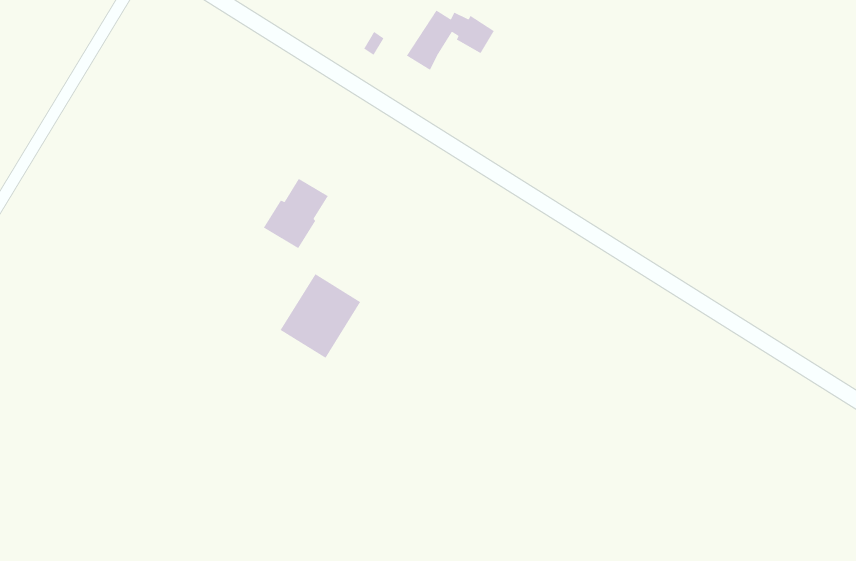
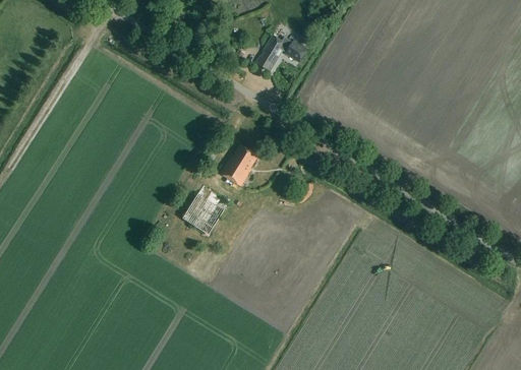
building: [263,178,329,249] -> [219,144,256,185]

